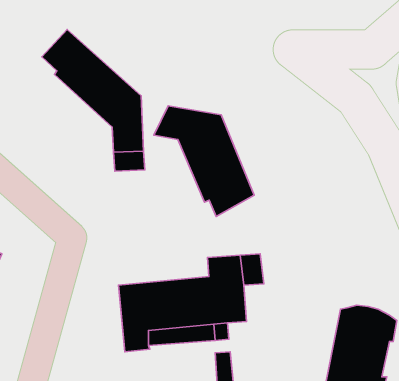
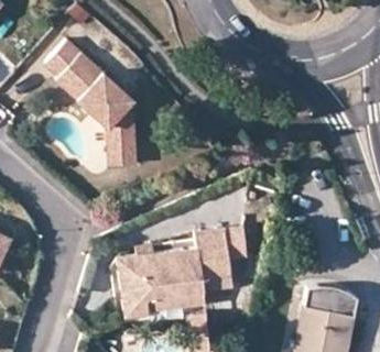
building: [154,106,254,216] -> none

